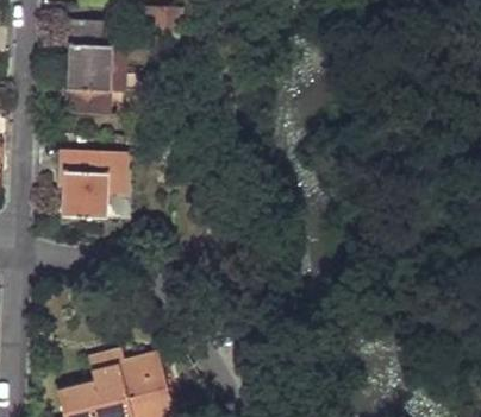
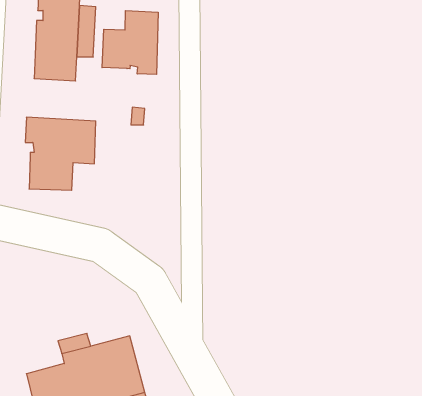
building: none -> [102,11,158,74]

